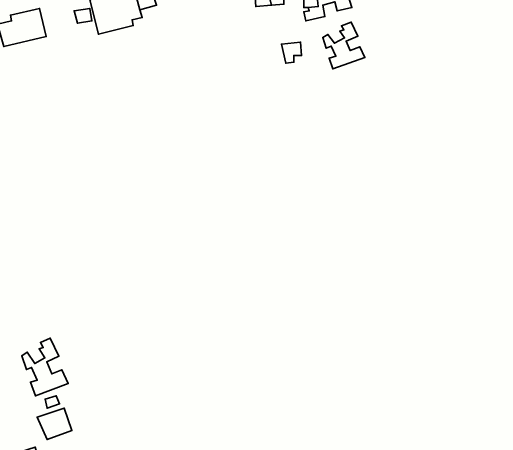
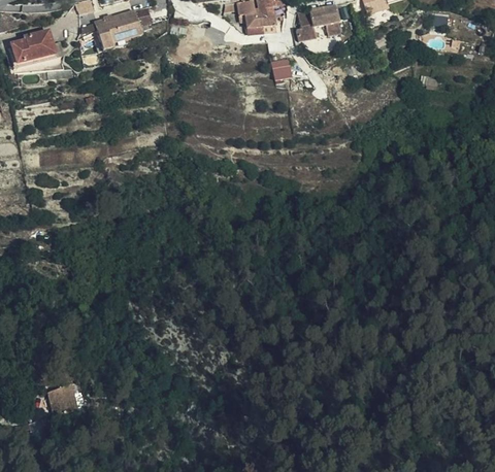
building: [323,22,365,69] -> none
building: [22,338,68,396] -> none

